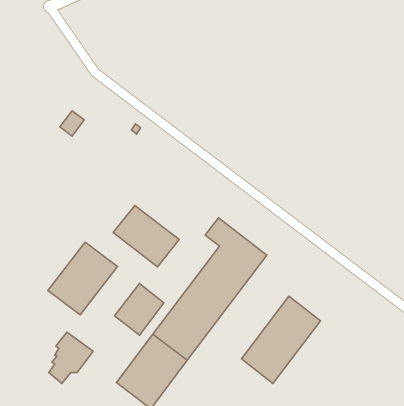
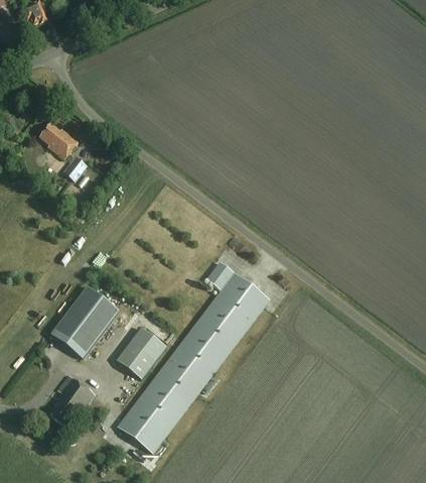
building: none -> [39,122,78,159]
building: [113,205,179,267] -> none
building: [241,296,320,384] -> none

